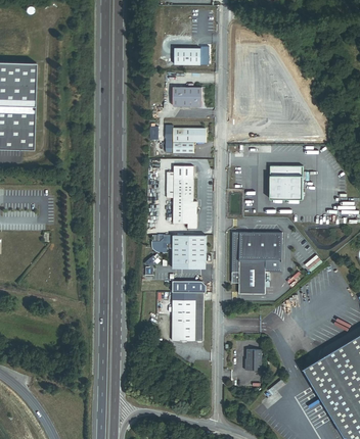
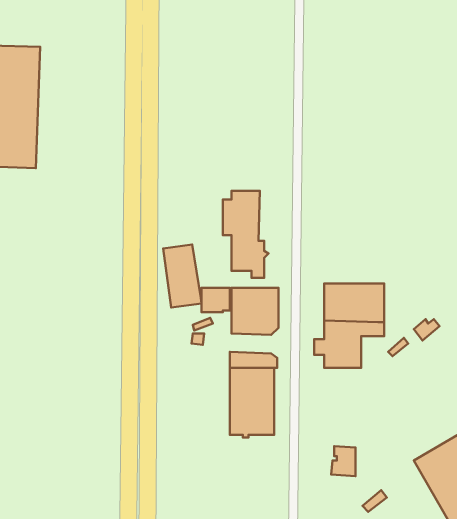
building: [175,48,201,65] -> none
building: [173,87,201,107] -> none
building: [173,128,207,153] -> none
building: [269,165,303,199] -> none
building: none -> [163,244,201,308]

